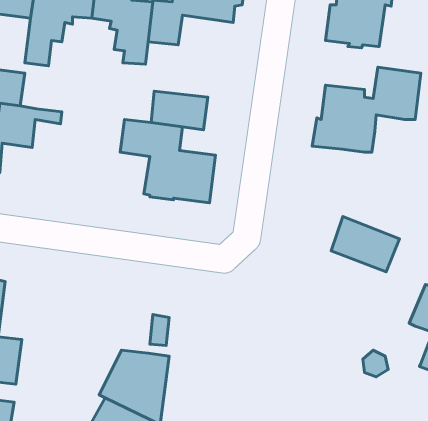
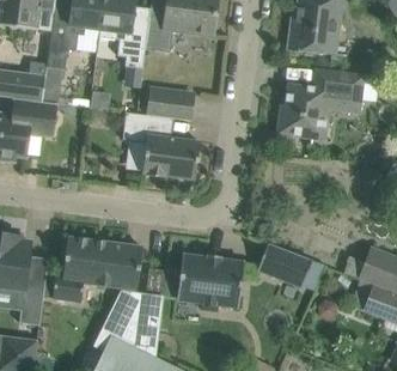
building: [331,217,400,272] -> [257,242,312,286]
building: none -> [53,236,141,300]
building: none -> [176,254,244,310]

